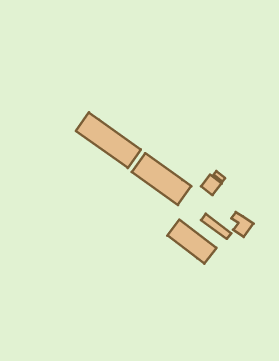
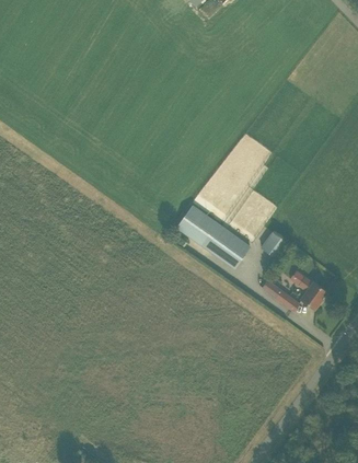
building: [76,112,141,168] -> none
building: [167,220,216,264] -> none

